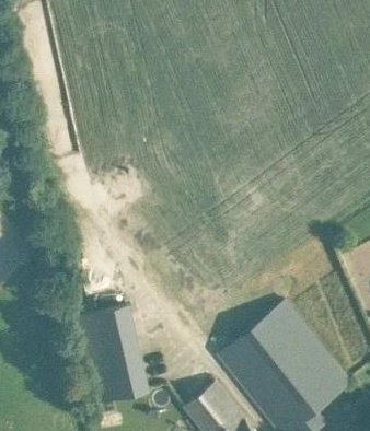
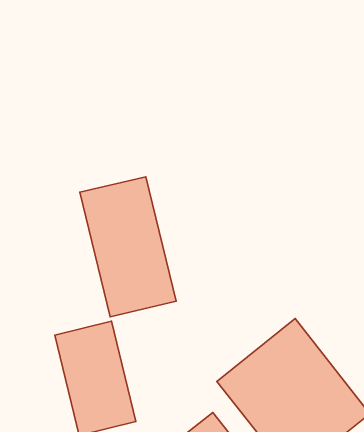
building: none -> [80,177,176,317]

